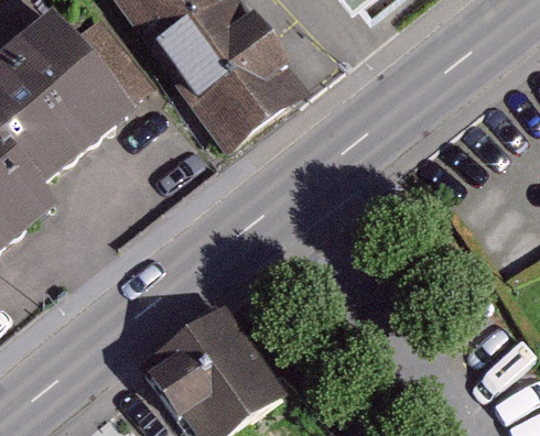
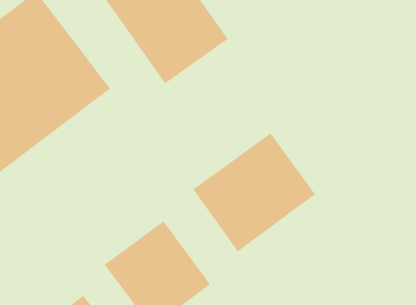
building: none -> [193,133,316,252]

